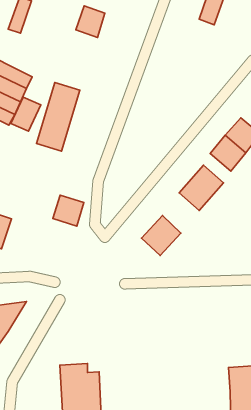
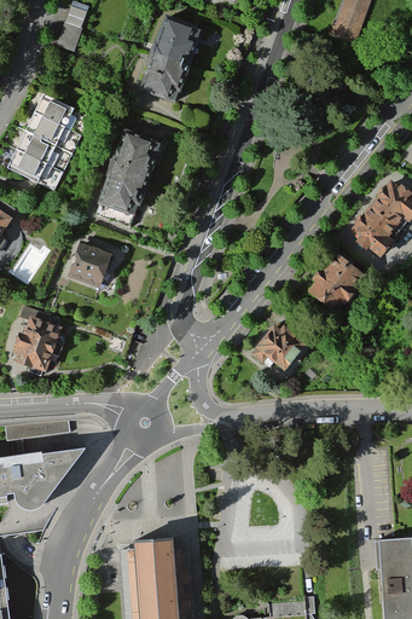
building: none -> [141,52,185,97]
building: [11,97,41,131] -> none
building: [53,195,84,226] -> [66,243,111,288]

